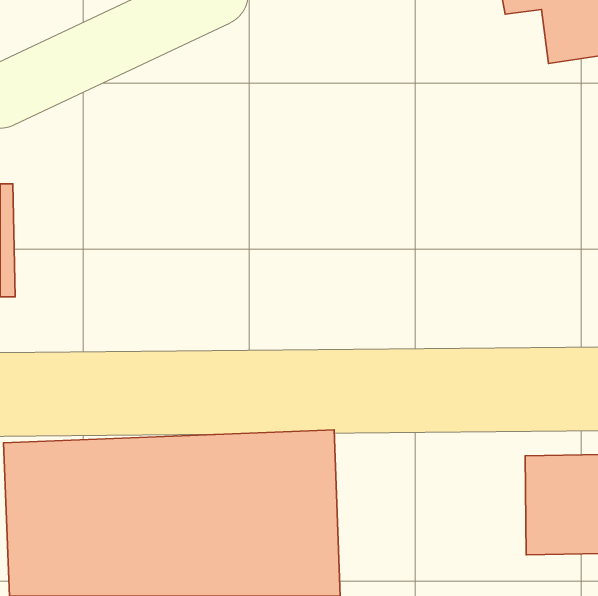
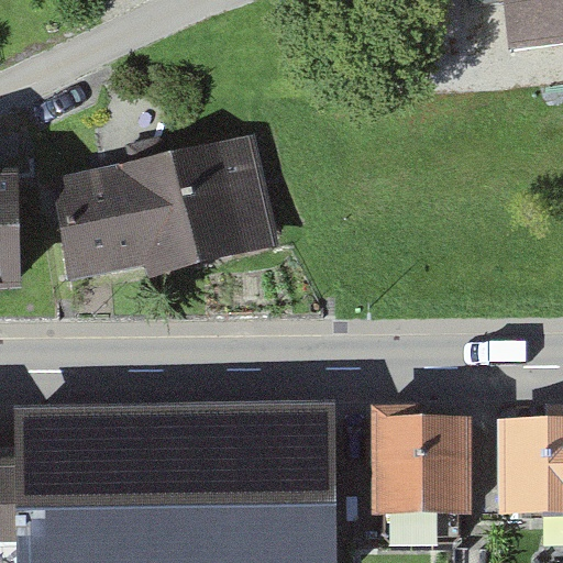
building: none -> [66,137,272,269]
building: none -> [362,423,454,518]

